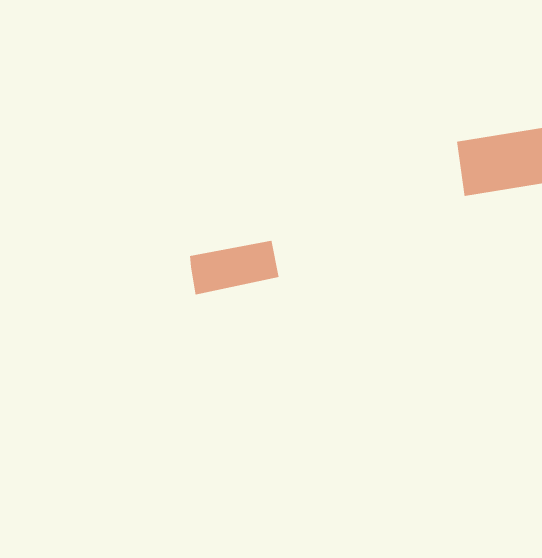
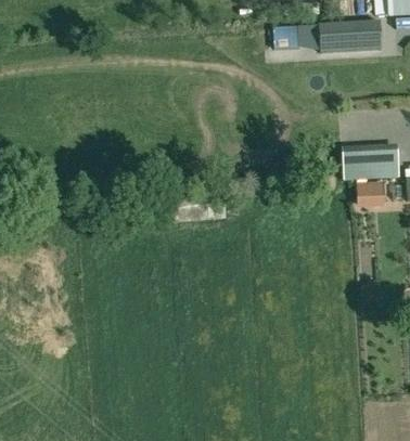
building: none -> [356,180,383,205]

